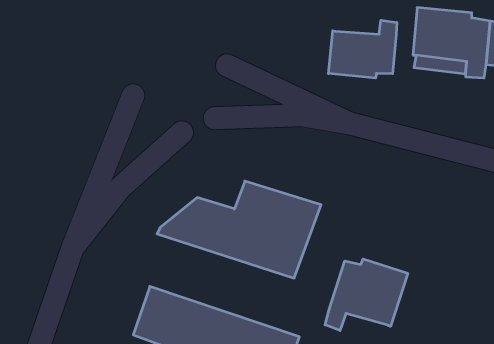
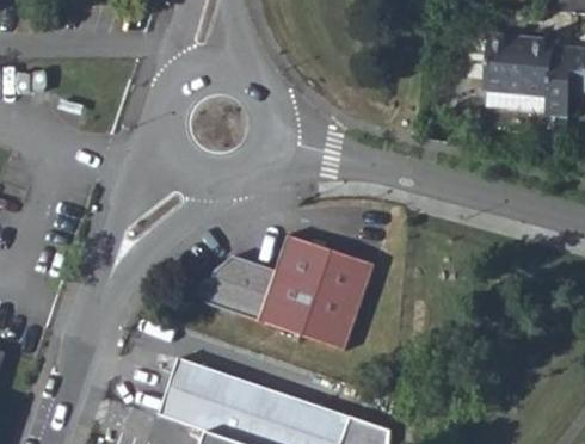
building: [328,20,397,78] -> none
building: [325,259,408,331] -> none

